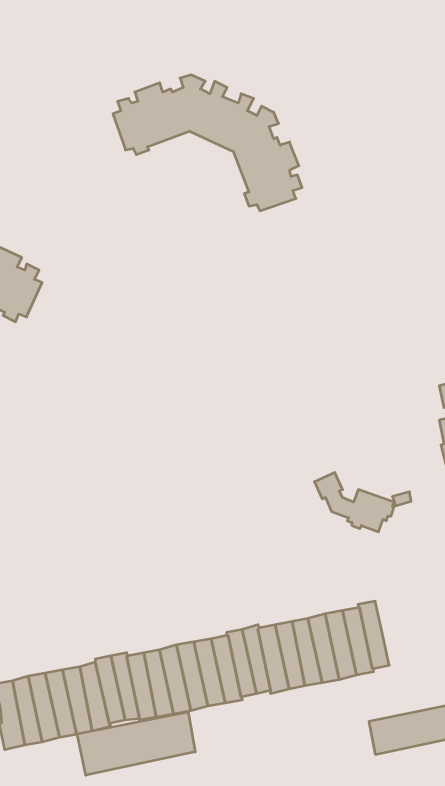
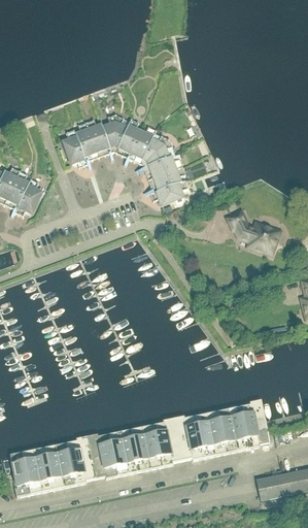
building: [113,75,302,211] -> [63,113,187,203]
building: [314,472,394,532] -> [227,211,279,251]
building: [77,712,195,775] -> none

